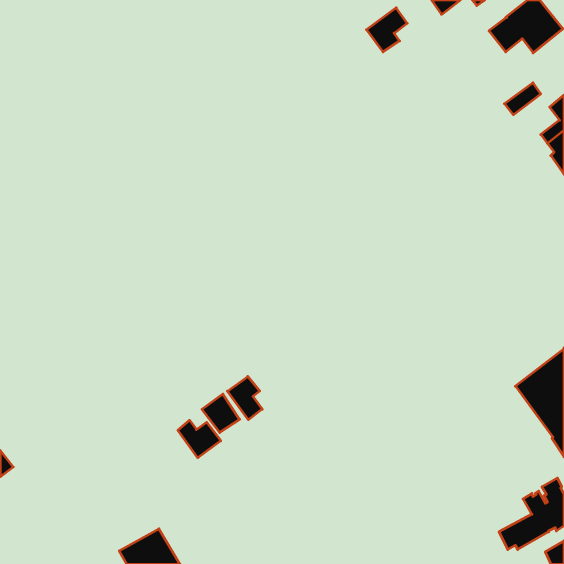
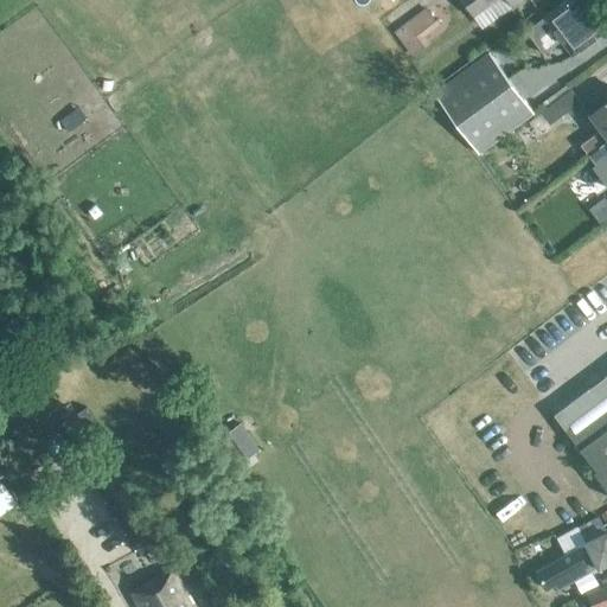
building: none -> [434,52,533,152]
building: [227,376,262,420] -> none
building: [178,420,221,458] -> none

